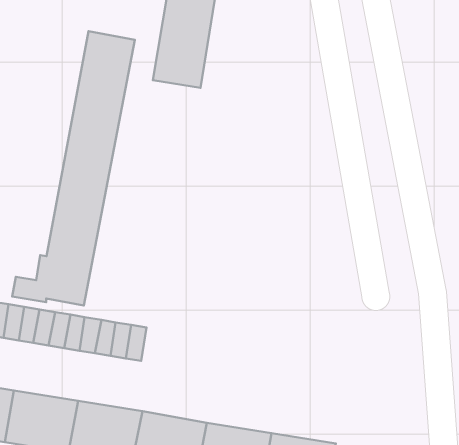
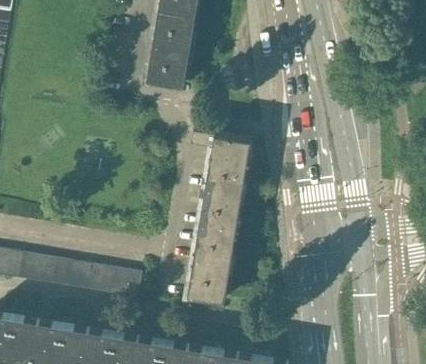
building: [12,31,135,305] -> none
building: none -> [188,127,252,299]

